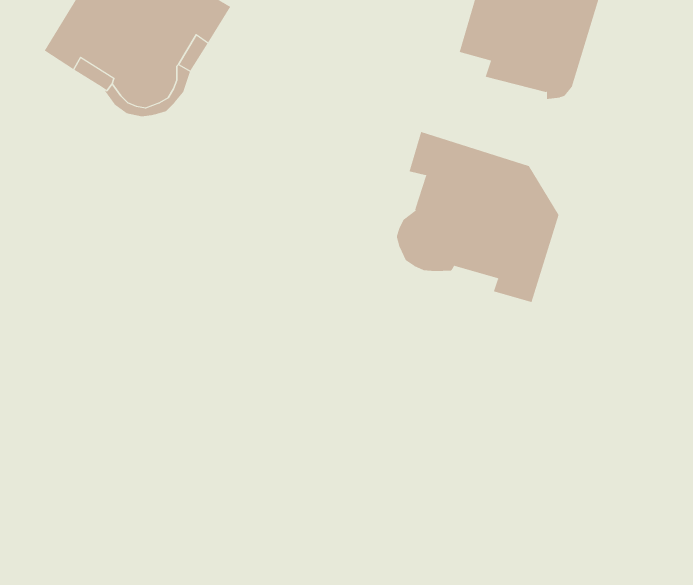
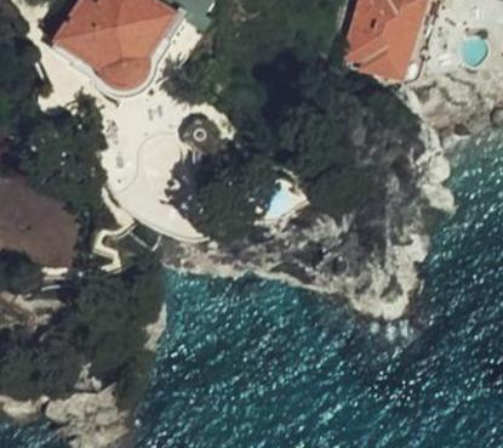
building: [396,131,559,303] -> none

